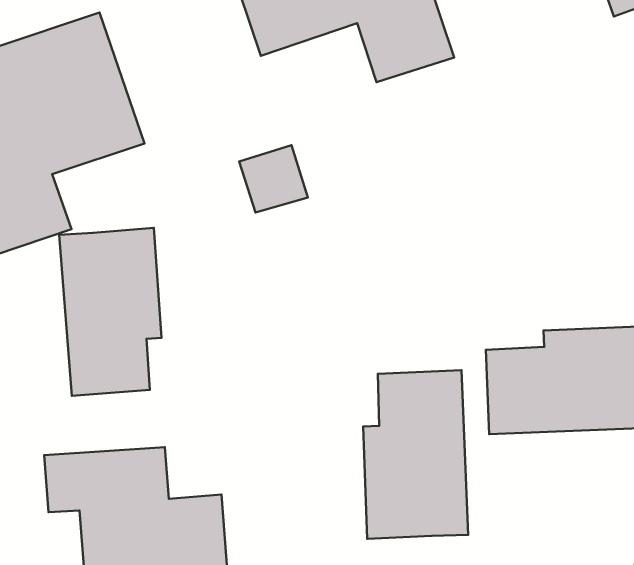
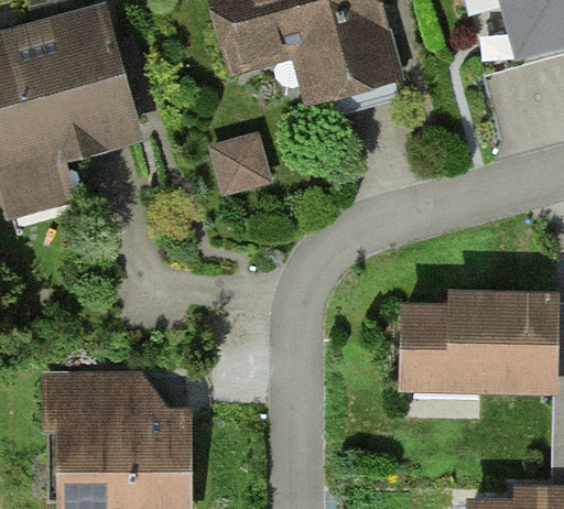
building: [59,228,162,396] -> none
building: [363,370,468,539] -> none

